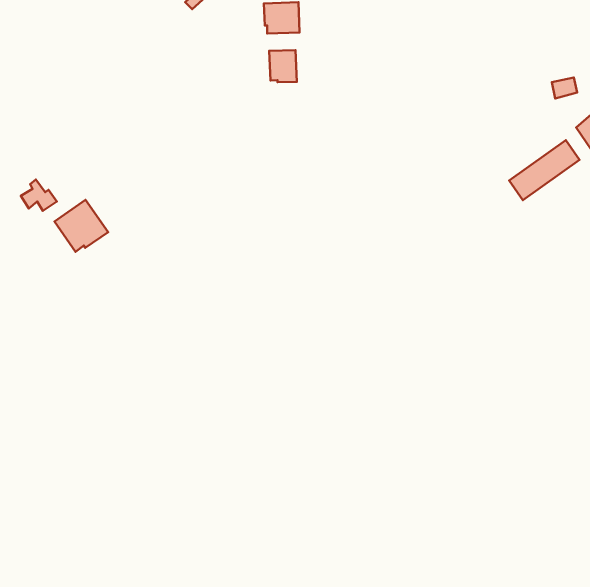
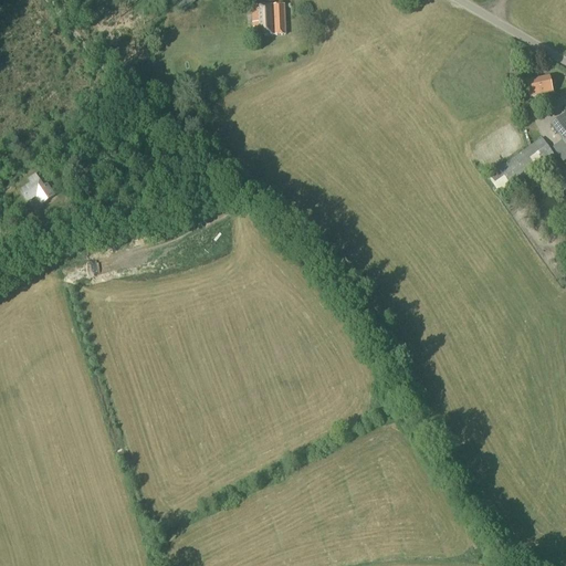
building: [269,50,297,82] -> none
building: [55,200,108,252] -> none

